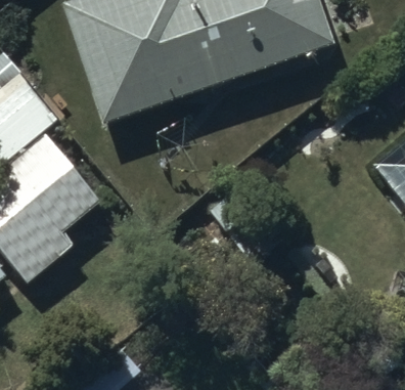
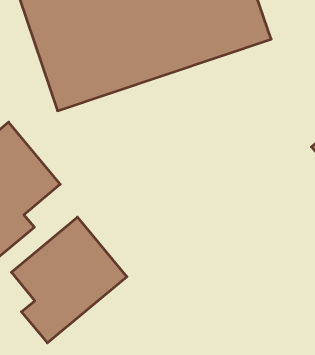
building: none -> [11,217,127,343]

